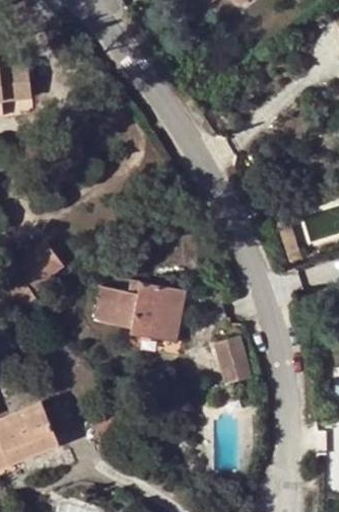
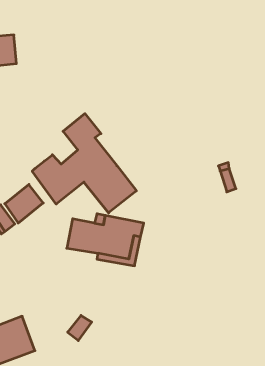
building: none -> [32,114,136,213]
building: [213,336,252,384] -> none

